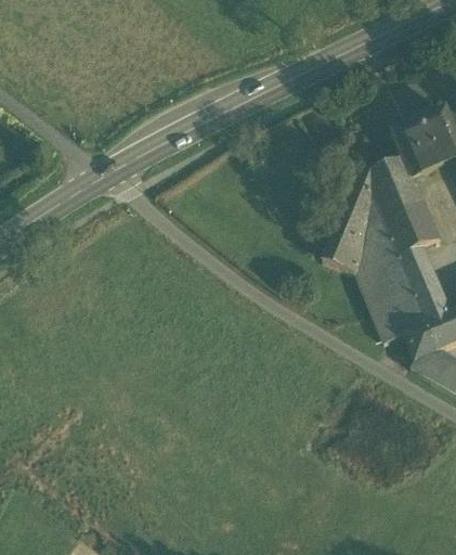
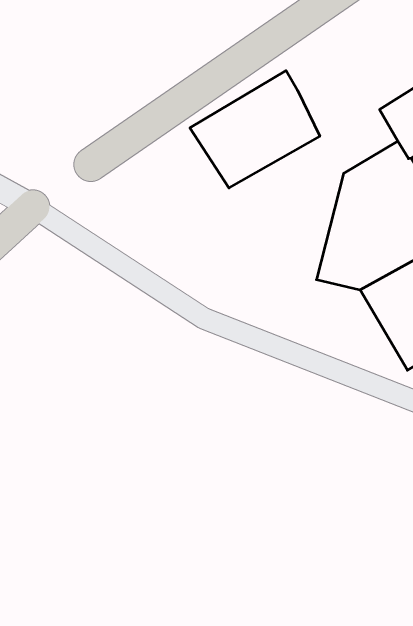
building: none -> [190,71,320,188]

